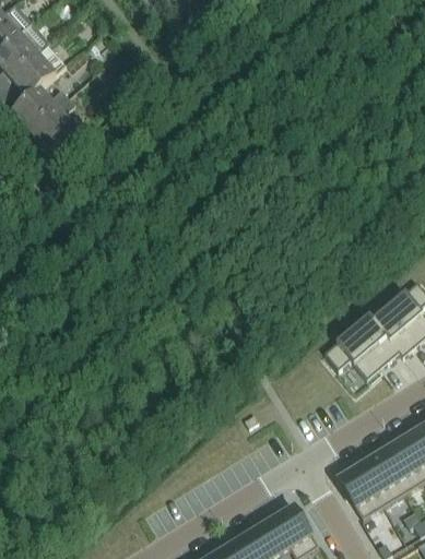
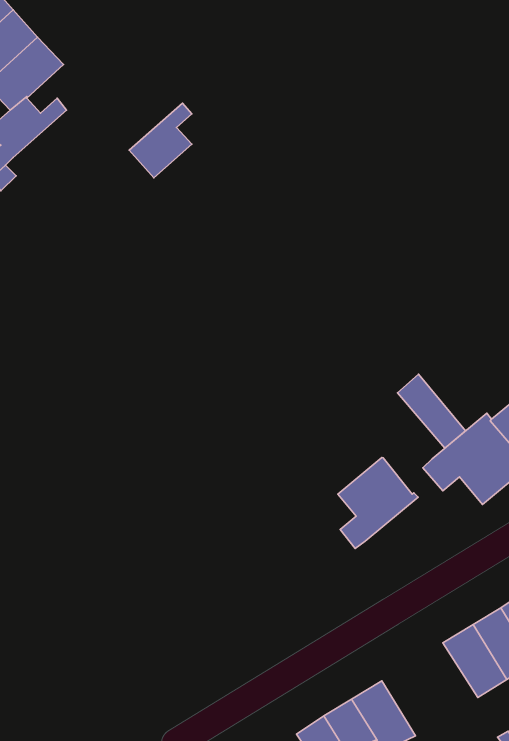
building: [29,96,74,150] -> [129,103,192,178]
building: none -> [398,374,465,448]
building: none -> [338,458,418,548]

